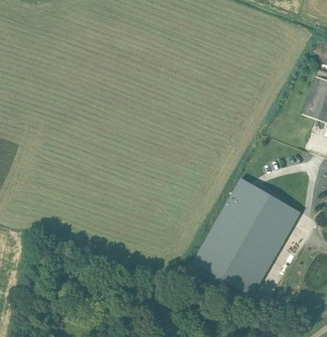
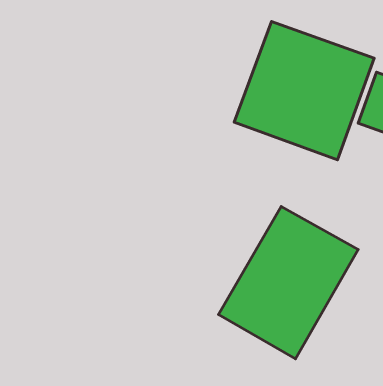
building: none -> [234,22,374,160]

